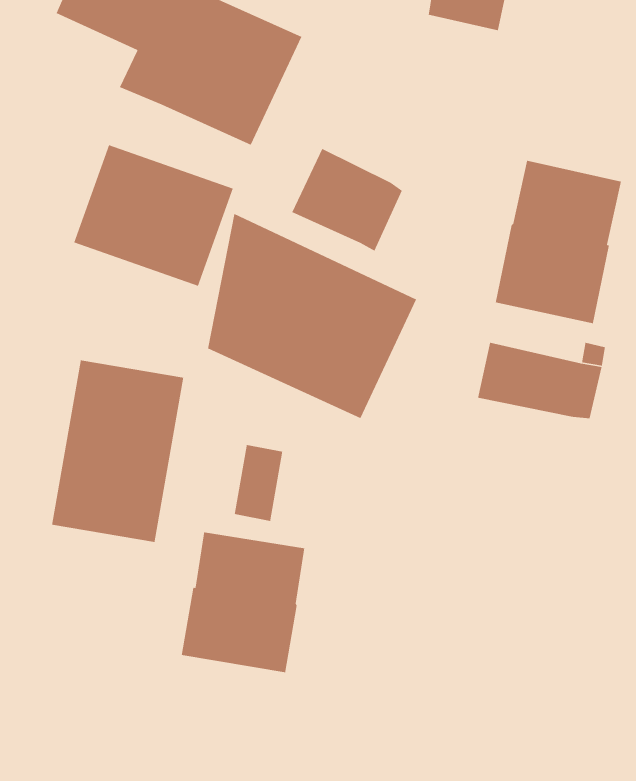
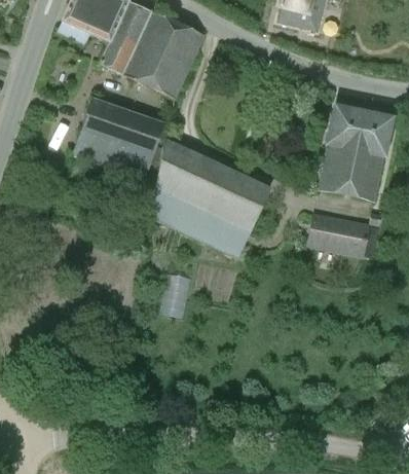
building: [291,148,403,252] -> none
building: [51,360,184,543] -> none
building: [181,532,305,673] -> none

